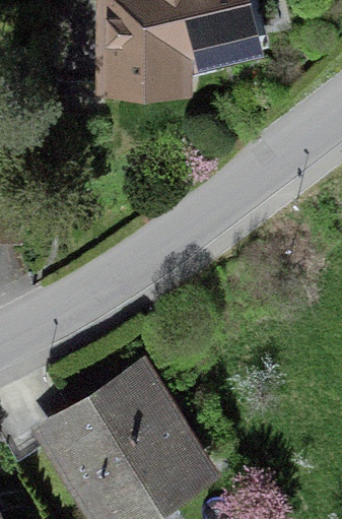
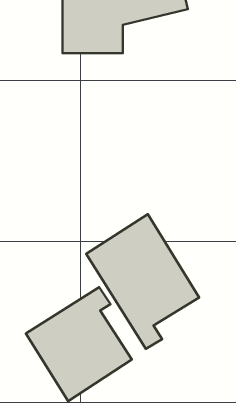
building: none -> [86,214,199,349]

